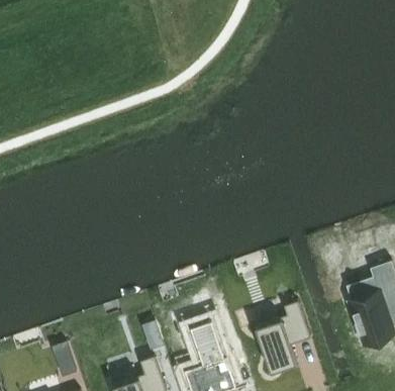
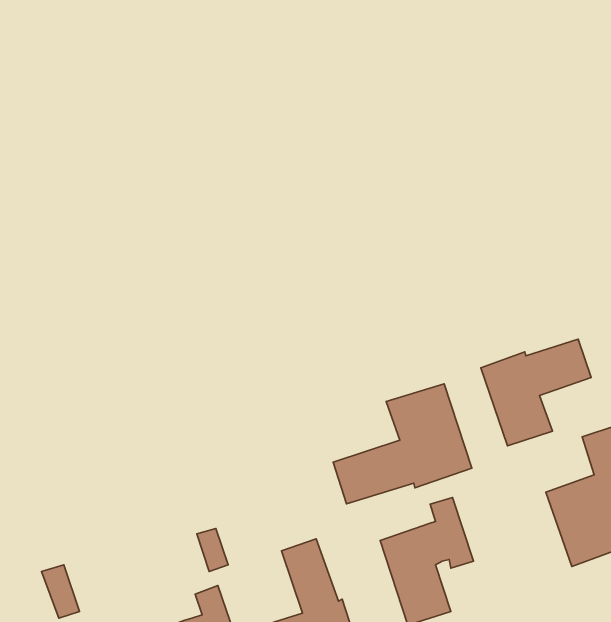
building: none -> [481,339,591,446]
building: none -> [333,384,472,504]

